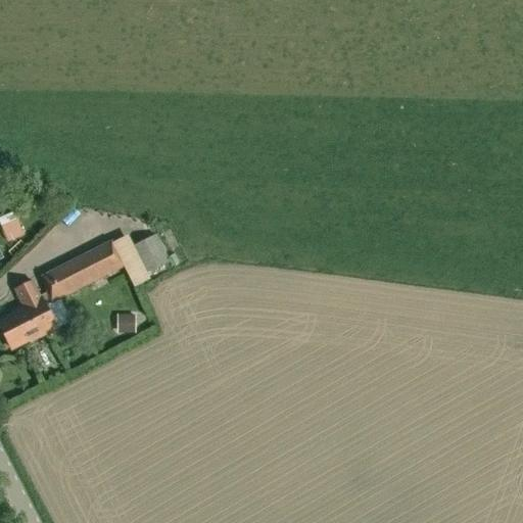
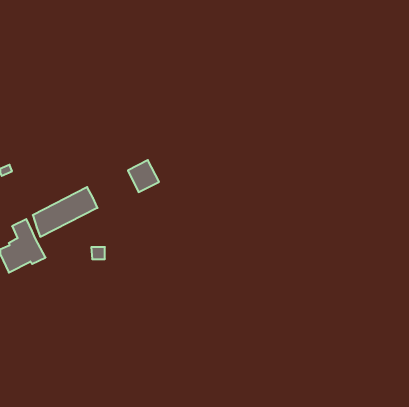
building: [131,233,171,274] -> [128,160,159,192]

